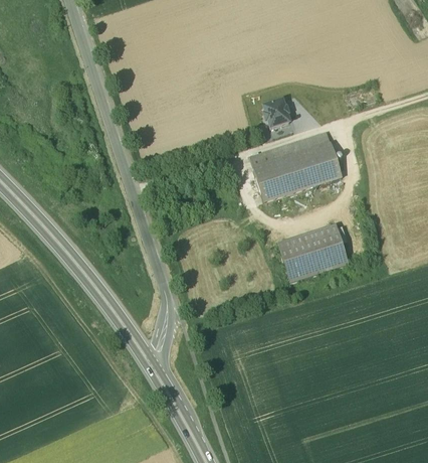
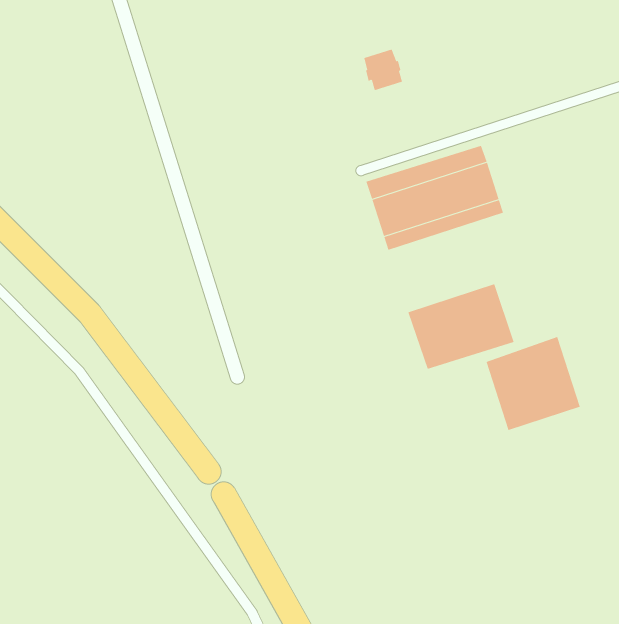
building: [263,99,289,127] -> [364,49,403,91]
building: none -> [486,336,581,431]

